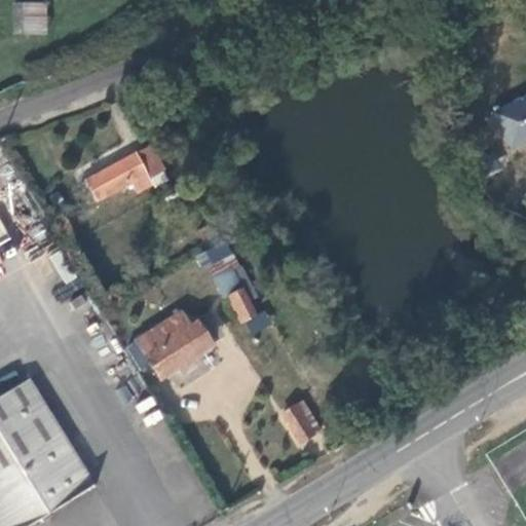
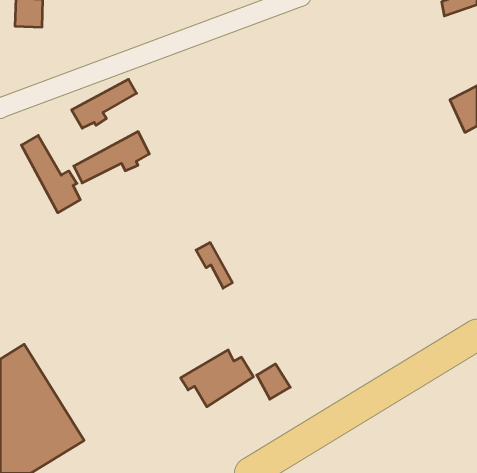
building: none -> [72,79,137,128]
building: none -> [21,135,80,213]
building: [130,311,211,374] -> [181,350,253,407]

